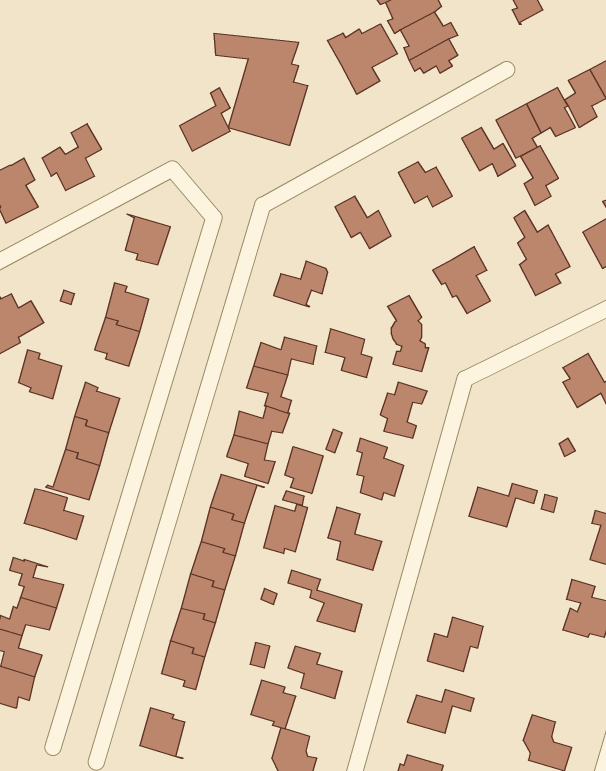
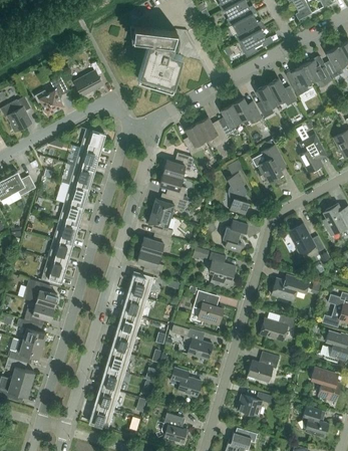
building: [327,24,397,94] -> none
building: [180,88,230,151] -> [74,60,102,95]
building: [520,146,558,205] -> [256,84,277,118]
building: none -> [220,103,241,136]
building: none -> [185,123,206,155]
building: none -> [74,147,98,174]
building: [325,329,372,378] -> [159,172,186,199]
building: [18,350,62,399] -> [58,202,82,229]
building: none -> [288,223,324,254]
building: [285,447,323,494] -> none
building: [264,504,307,554] -> none
building: none -> [24,301,53,322]
building: none -> [260,314,294,341]
building: none -> [309,367,341,402]
building: [251,680,296,729] -> [94,382,119,409]

